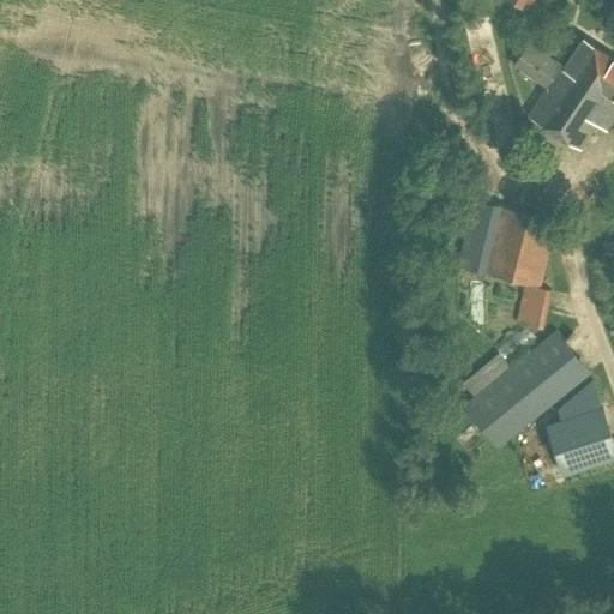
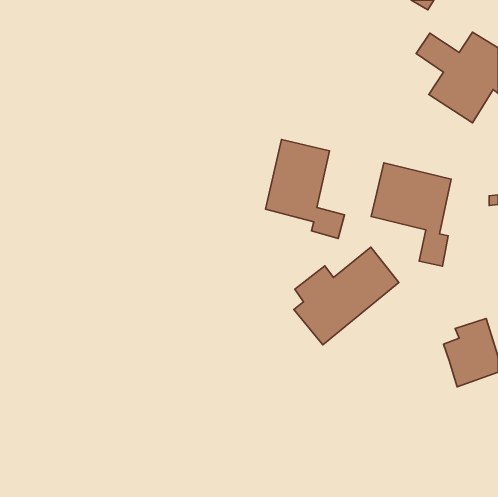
building: none -> [266,140,344,239]
building: [462,330,591,450] -> [294,247,399,345]

